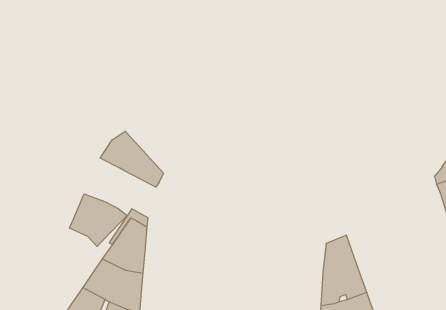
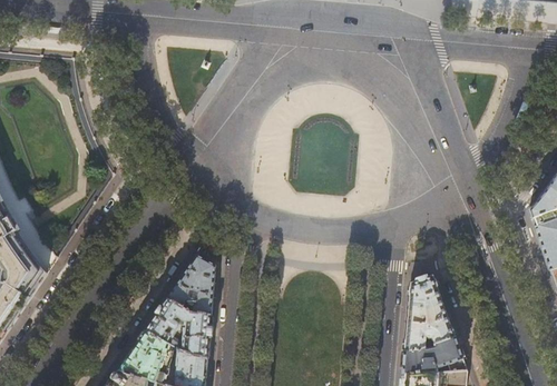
building: [100,131,163,187] -> none
building: [70,194,127,246] -> none

